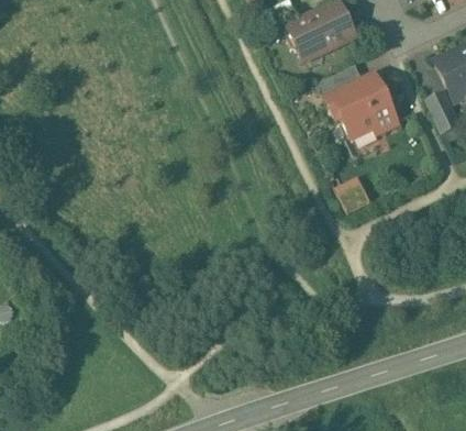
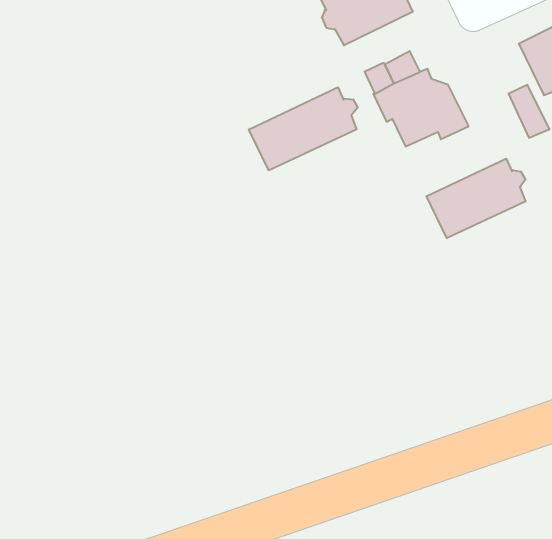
building: none -> [249,87,358,170]
building: none -> [426,159,525,238]

